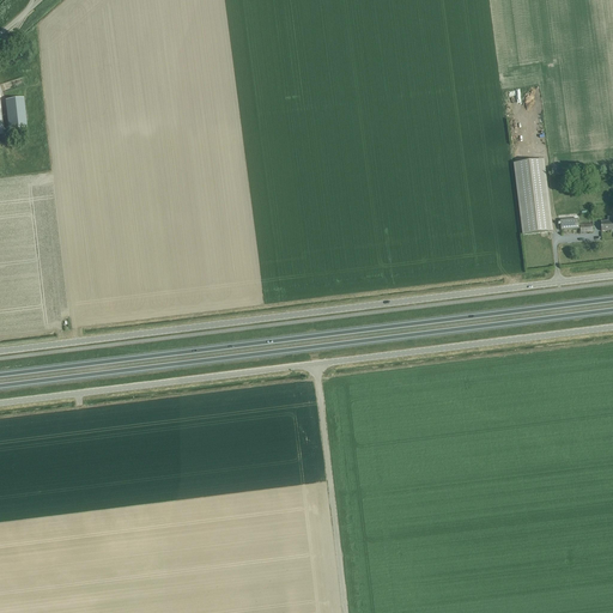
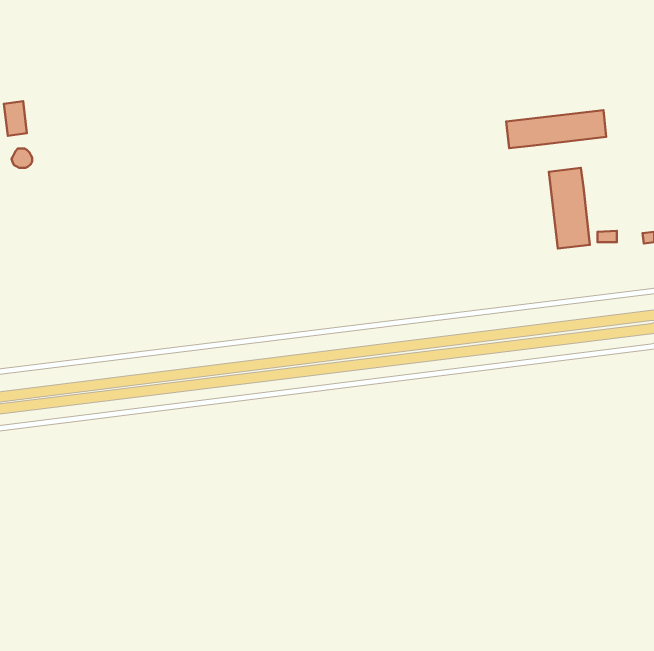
building: none -> [506,110,606,148]

